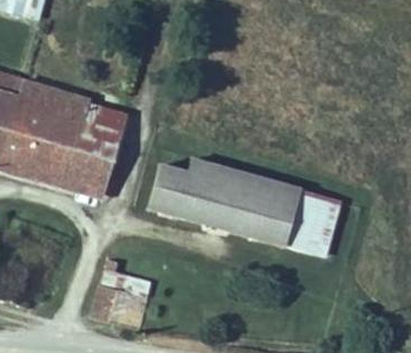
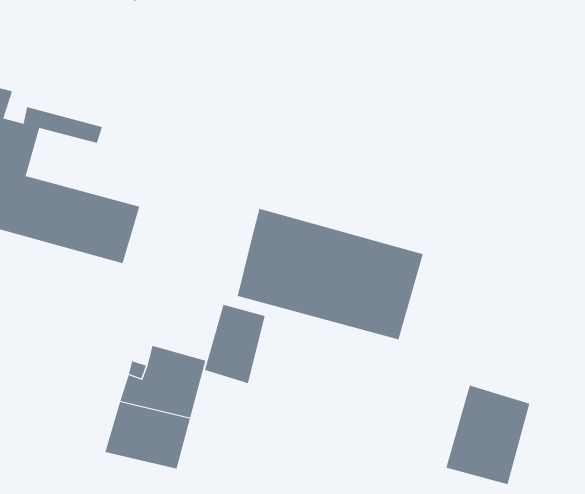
building: [41,105,127,158] -> none
building: [150,164,190,216] -> [204,304,265,384]
building: [285,190,341,255] -> [445,385,530,485]

